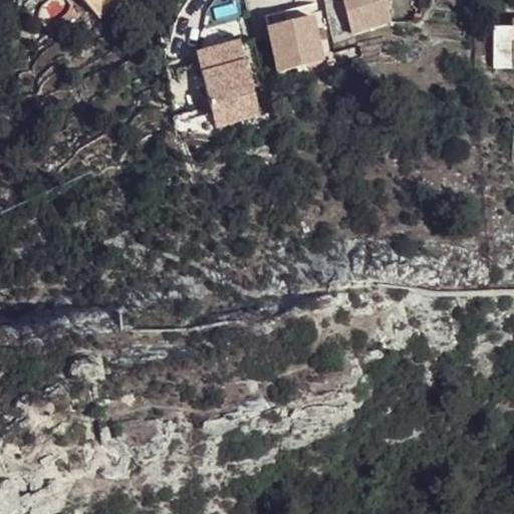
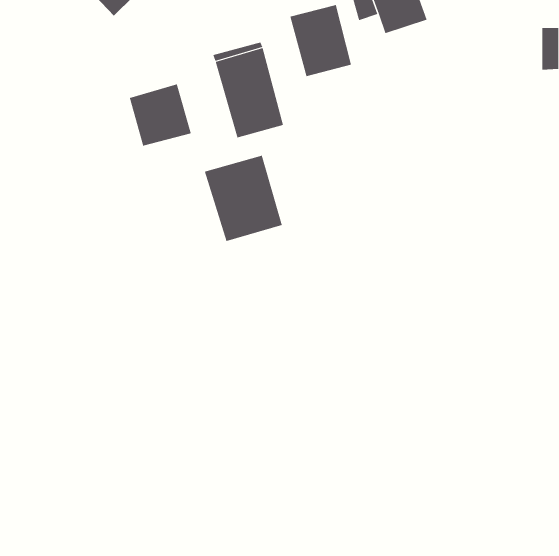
building: none -> [129,84,191,147]
building: none -> [204,155,283,242]

